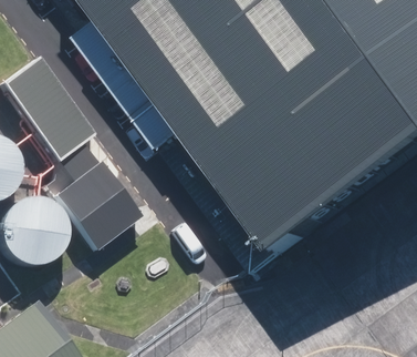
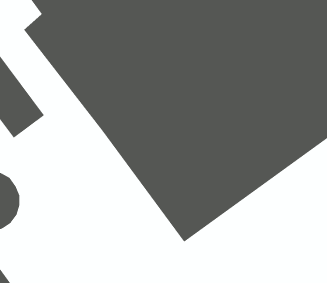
building: [56,162,142,251] -> none

